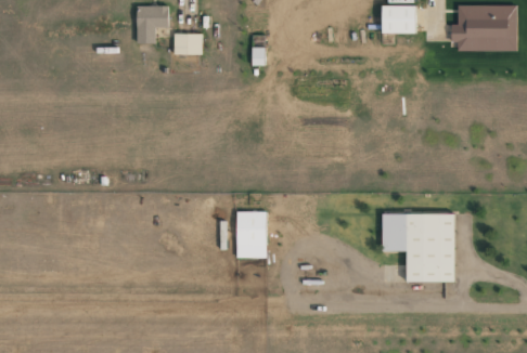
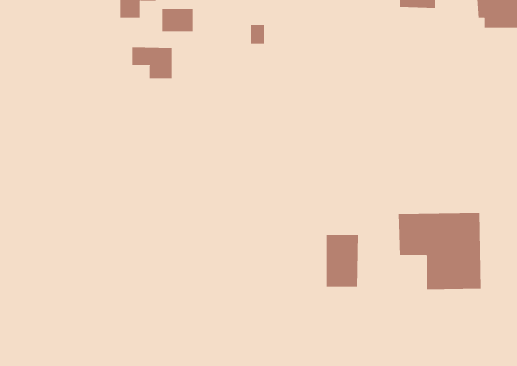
building: none -> [132,47,172,79]
building: [237,211,267,258] -> [326,234,359,287]

